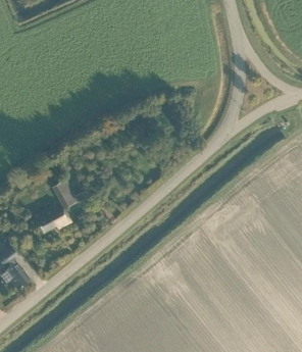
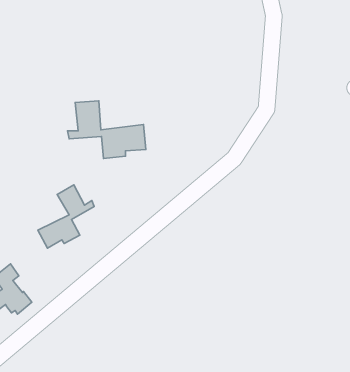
building: none -> [67,101,146,158]

